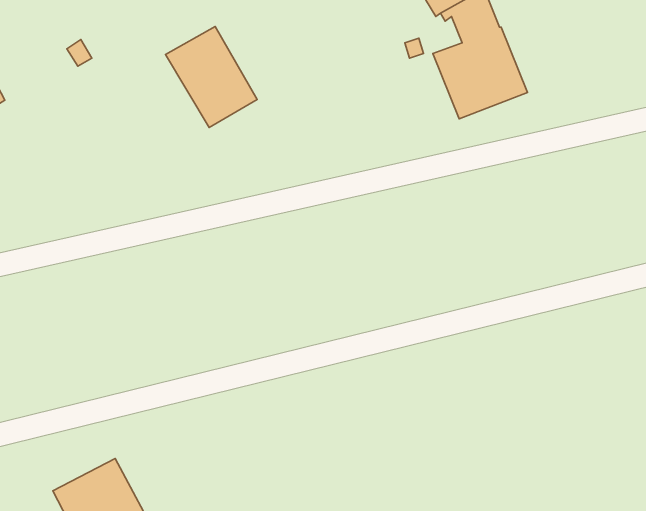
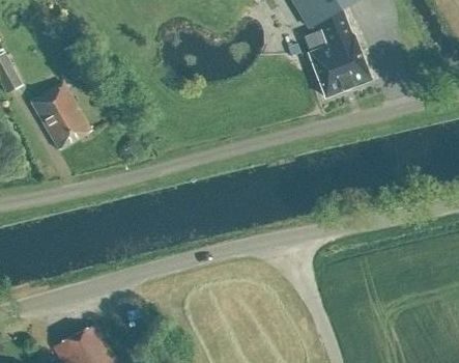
building: [166,27,257,127] -> [29,81,90,148]

